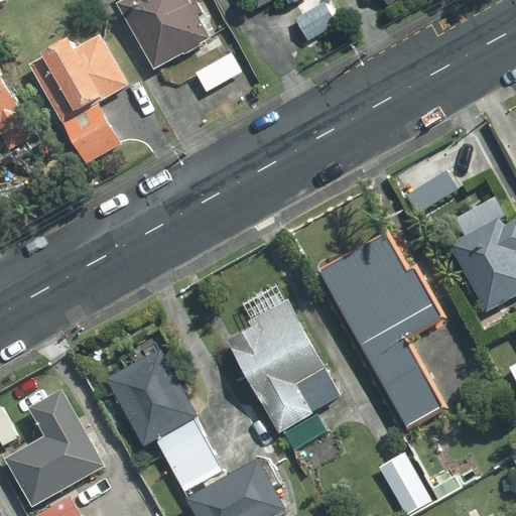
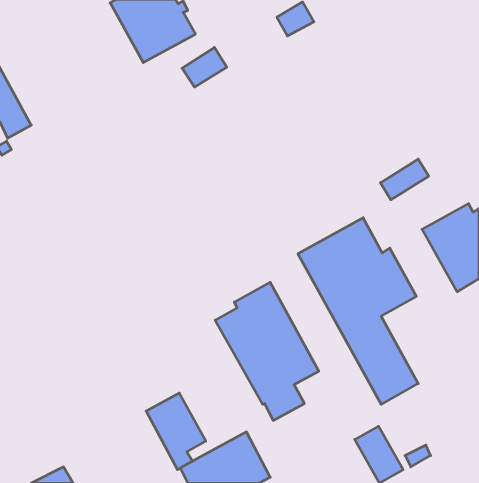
building: [30,35,126,161] -> none
building: [107,350,195,444] -> none
building: [5,391,103,505] -> none

